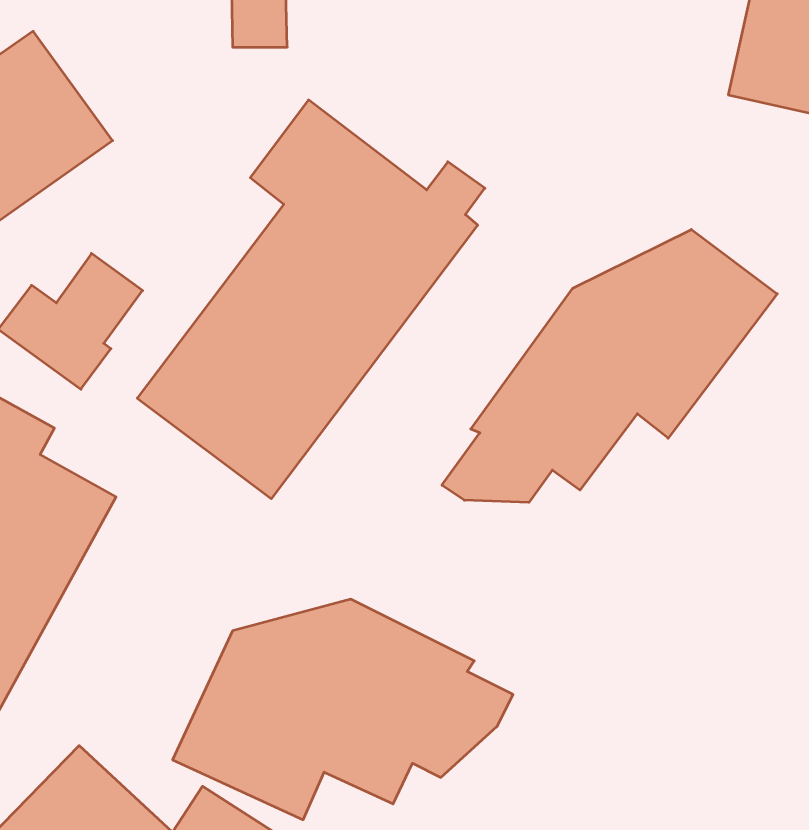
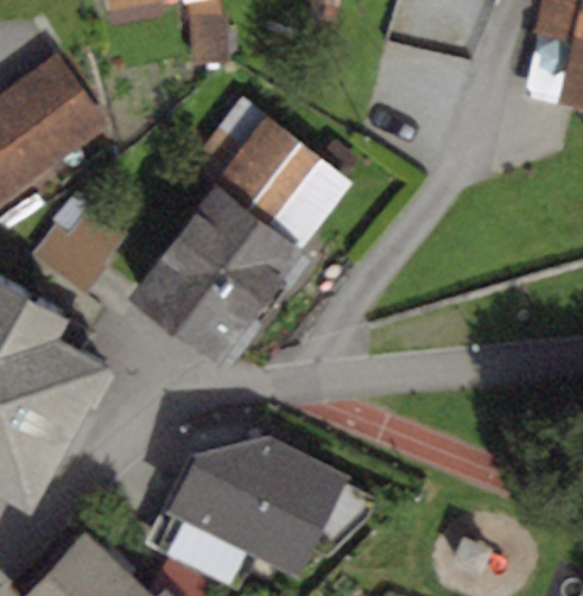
building: [442,229,777,502] -> none

